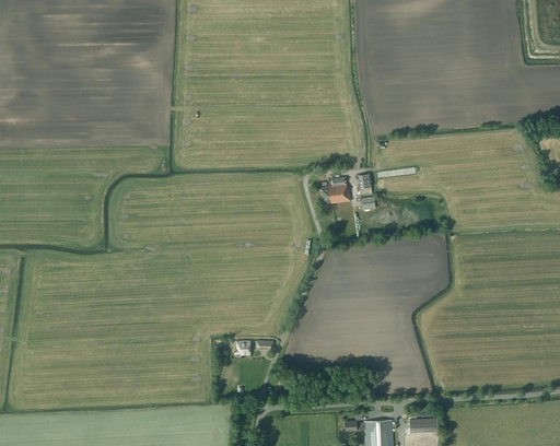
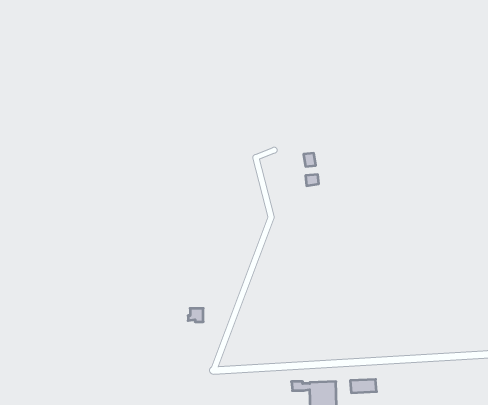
building: [322,177,351,203] -> none

